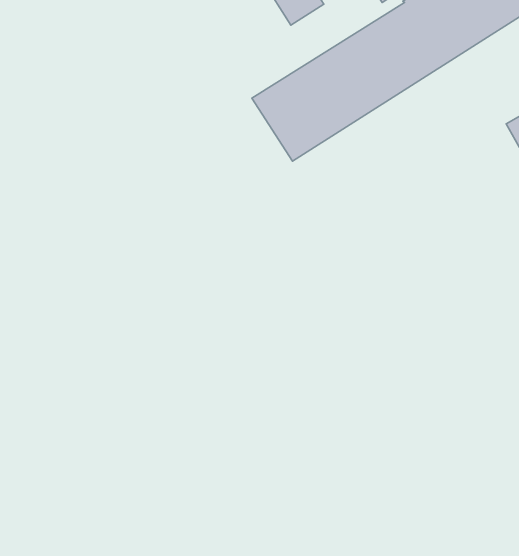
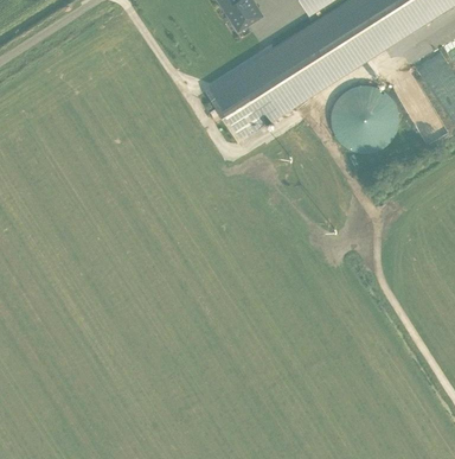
building: none -> [331,85,399,153]

